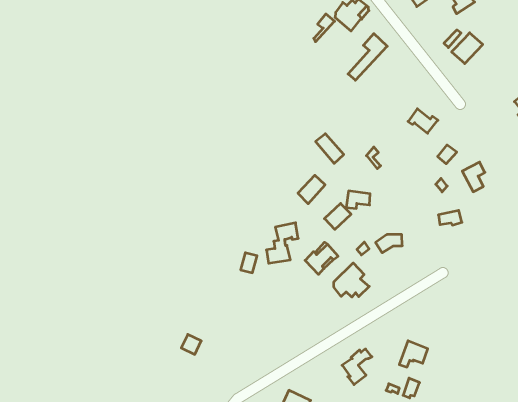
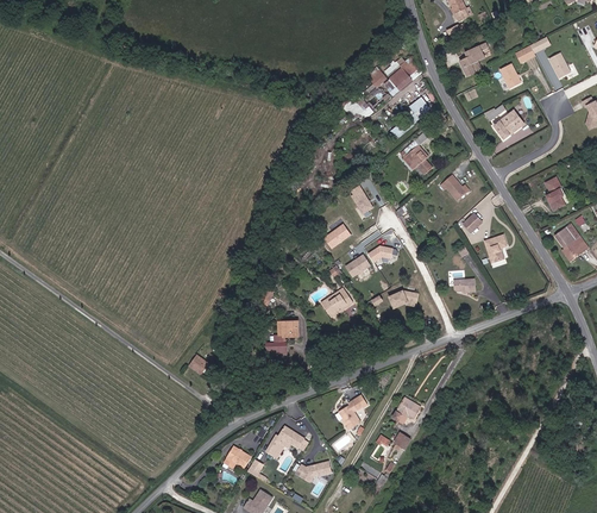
building: none -> [400,140,433,175]
building: [266,223,298,263] -> [265,321,297,356]
building: [334,263,369,297] -> none

